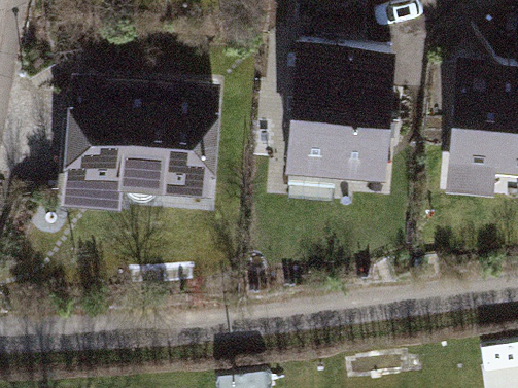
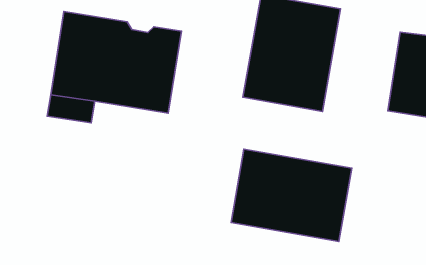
building: none -> [231,149,352,242]

